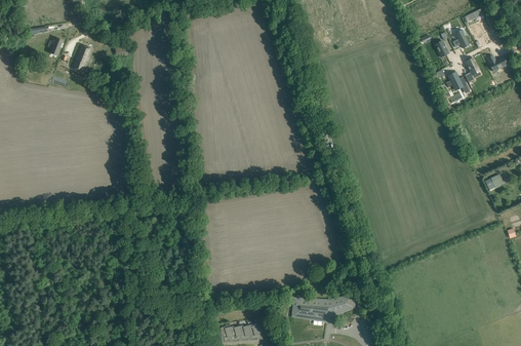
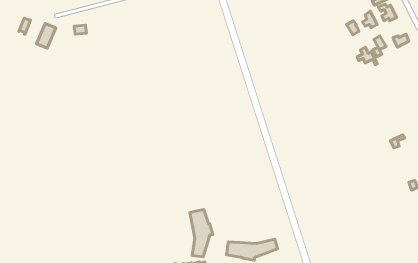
building: none -> [190,209,213,257]

